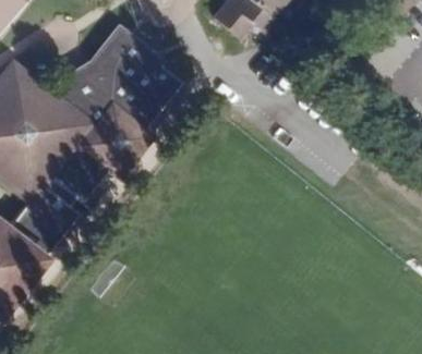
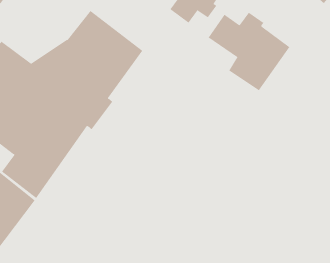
building: none -> [208,12,290,91]

